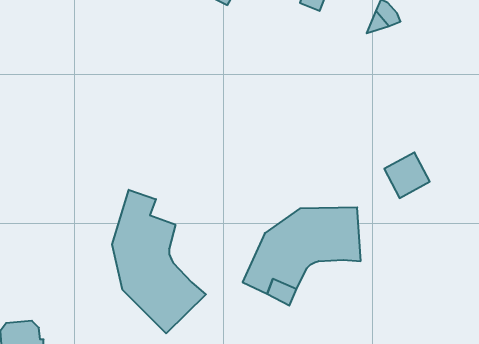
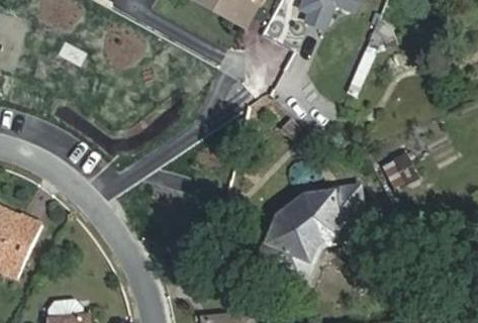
building: [112,190,206,333] -> none

